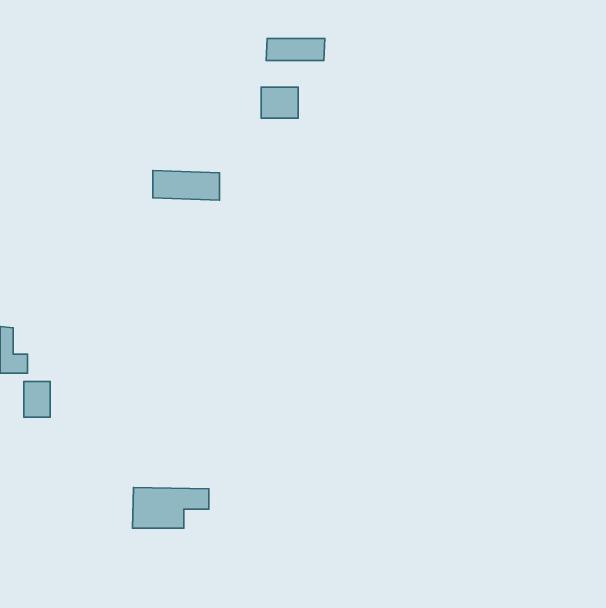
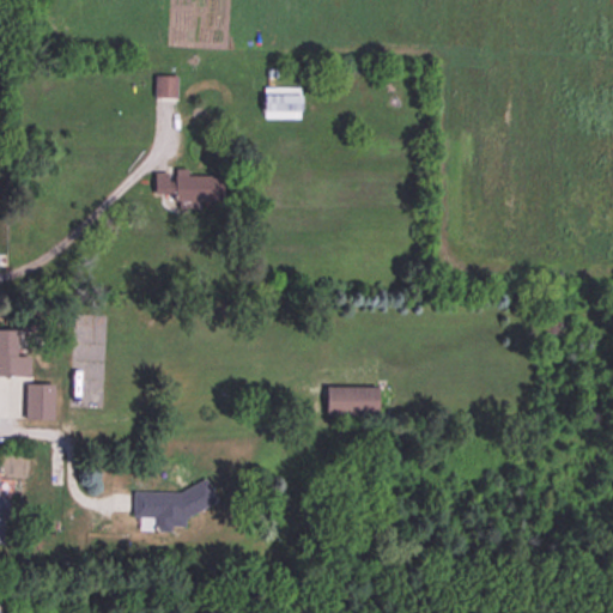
building: [266,39,325,60] -> none
building: none -> [158,75,178,101]
building: none -> [328,386,381,414]

